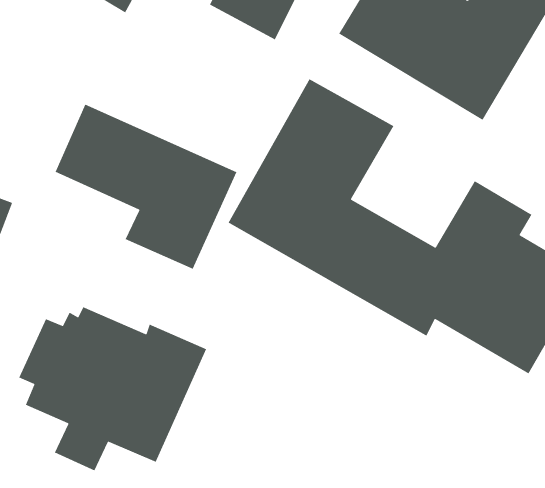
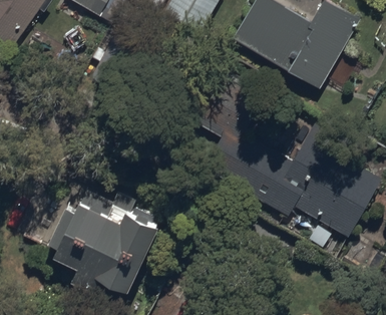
building: [55,104,237,270] -> none

